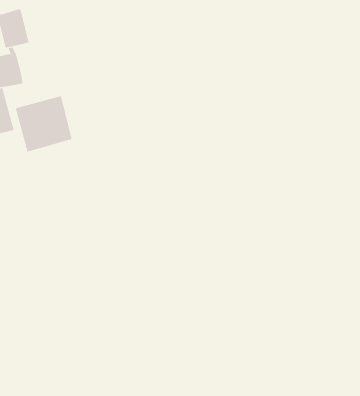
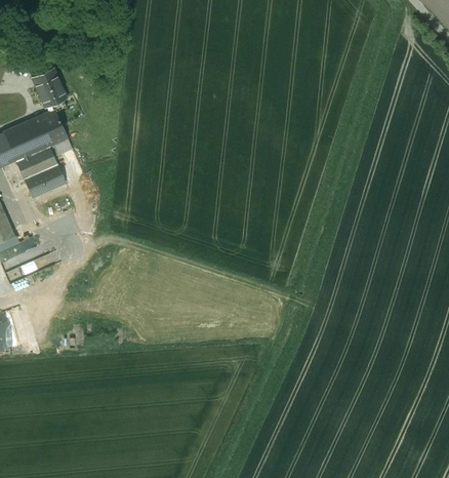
building: [15,96,72,153] -> none

